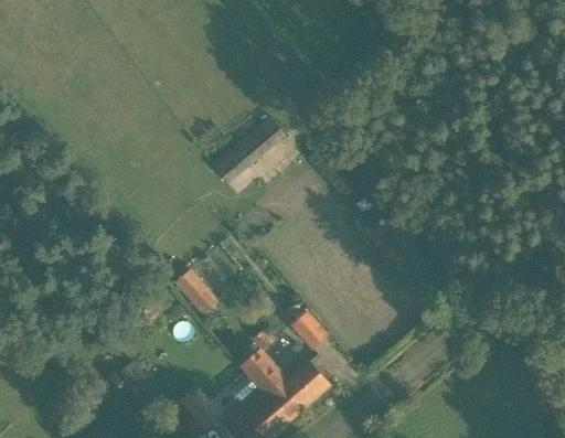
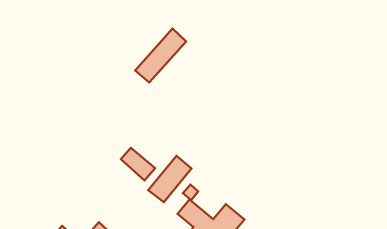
building: none -> [148,156,191,202]
building: [291,310,329,349] -> none

